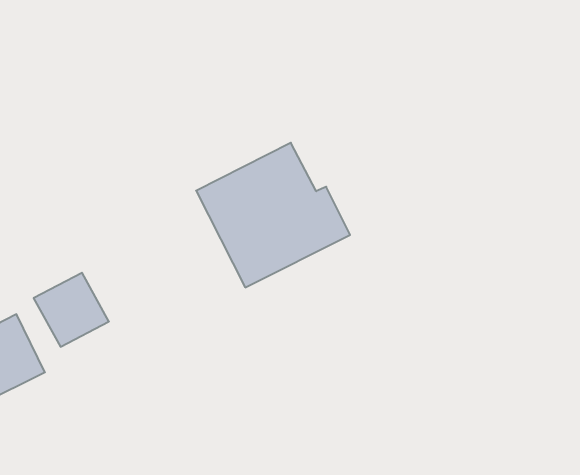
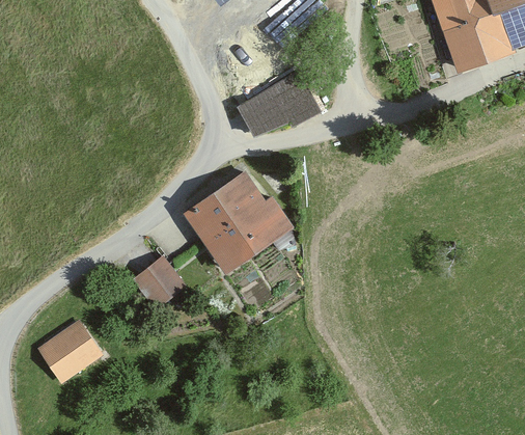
building: none -> [237,71,319,137]
building: [34,273,109,347] -> [132,256,186,309]

